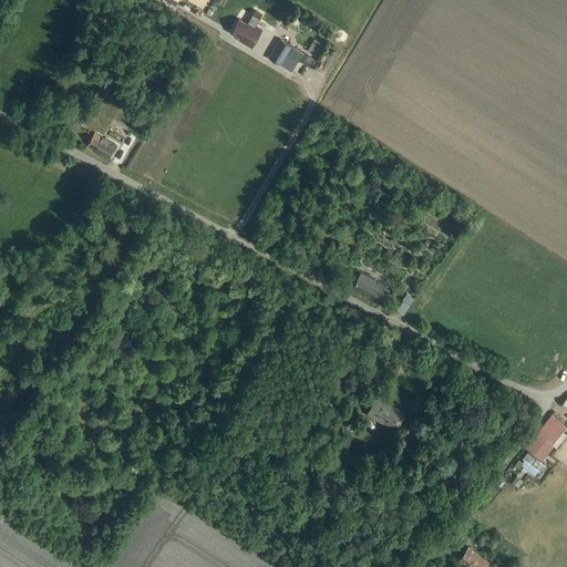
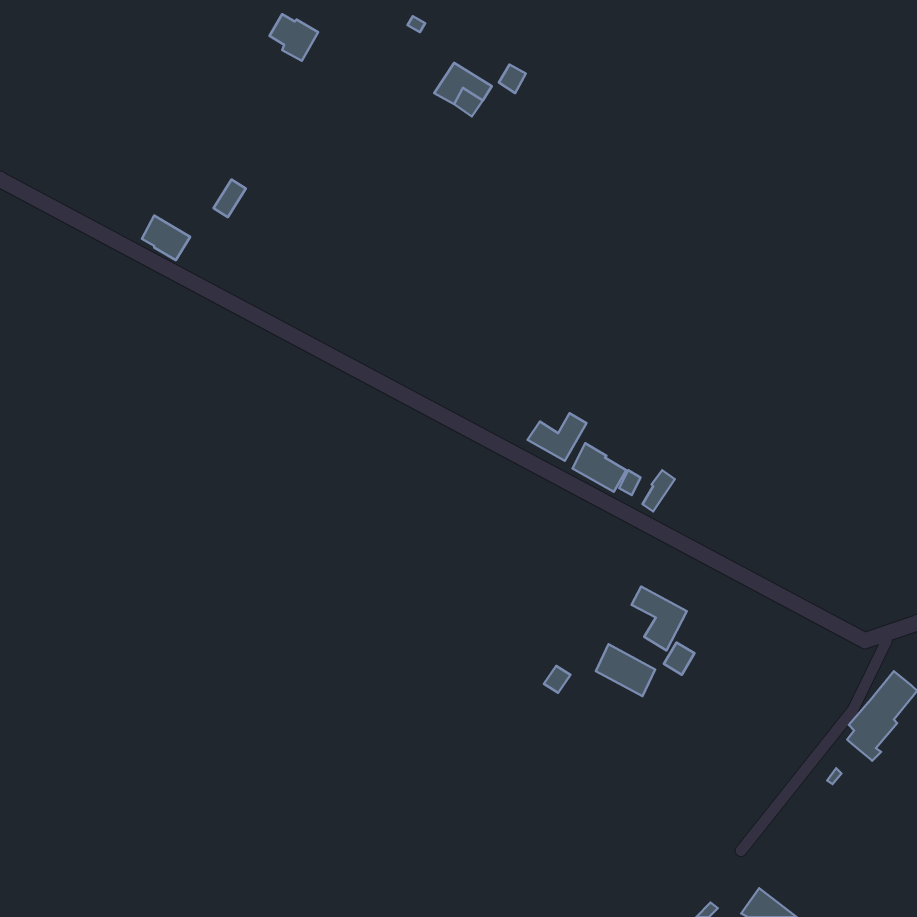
building: [231,19,261,48] -> [270,14,318,61]
building: none -> [527,413,587,461]
building: none -> [631,586,687,651]

